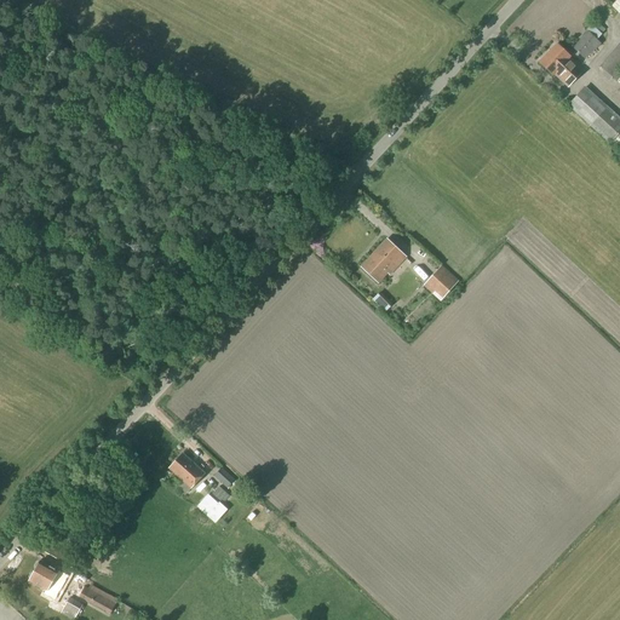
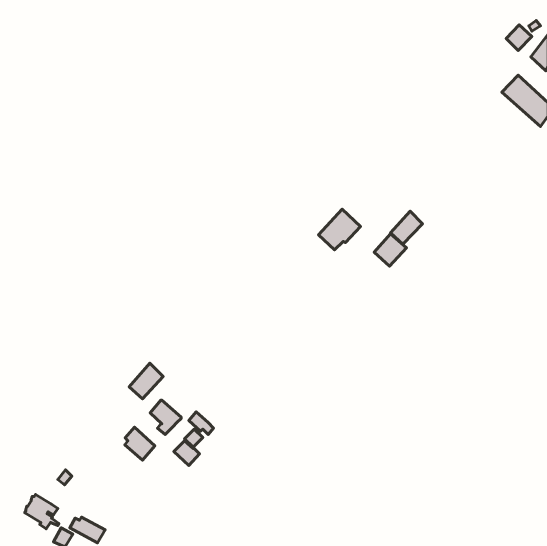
building: [540,42,585,86] -> none
building: none -> [390,211,422,244]
building: none -> [129,363,163,399]
building: none -> [125,427,155,460]

